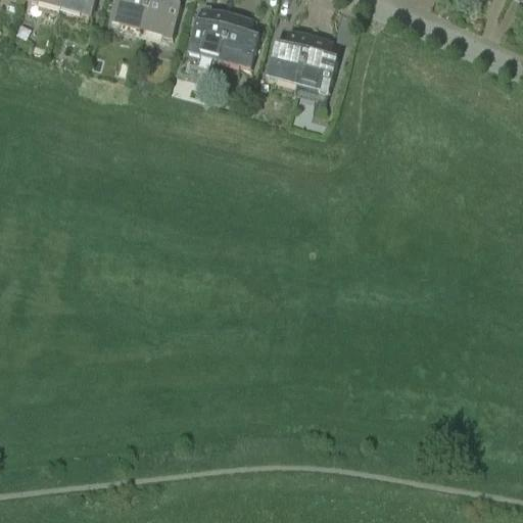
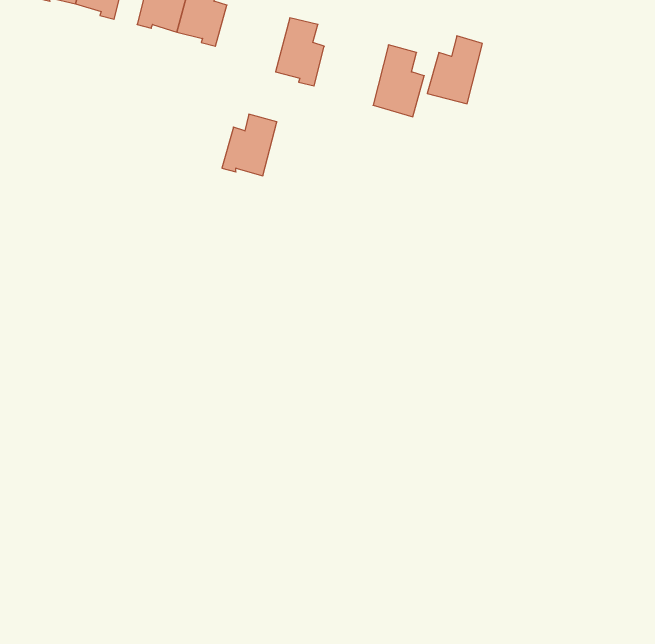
building: [187,8,231,57] -> [222,114,277,176]
building: [266,30,310,84] -> [427,36,482,104]

